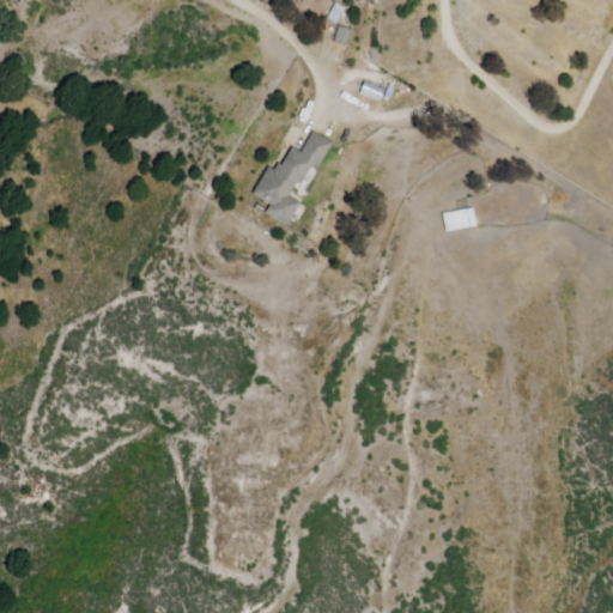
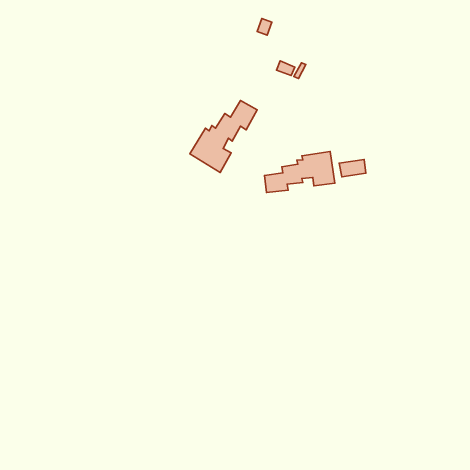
building: none -> [265,152,335,192]

